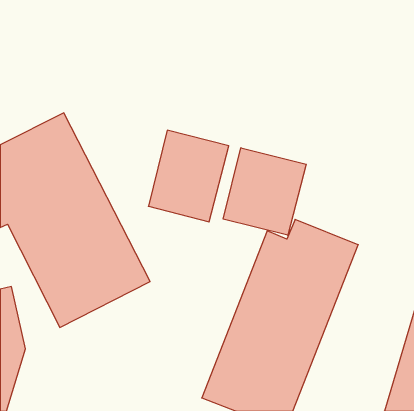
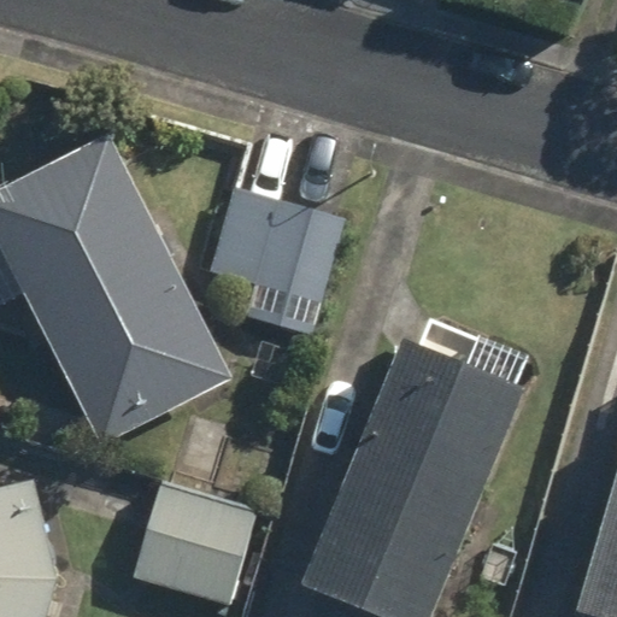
building: [223,148,306,235] -> none
building: none -> [133,469,263,599]

